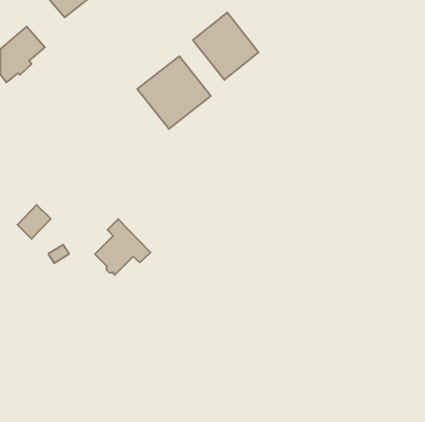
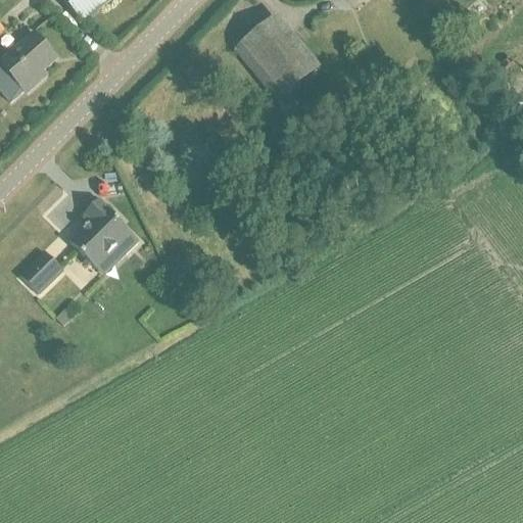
building: [137,56,211,129] -> none
building: [95,219,151,275] -> [70,199,139,268]

